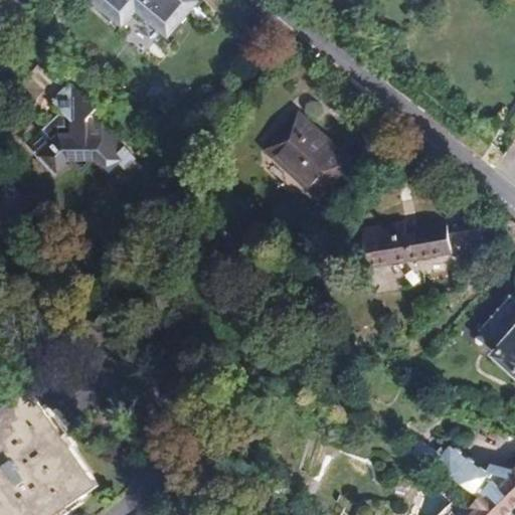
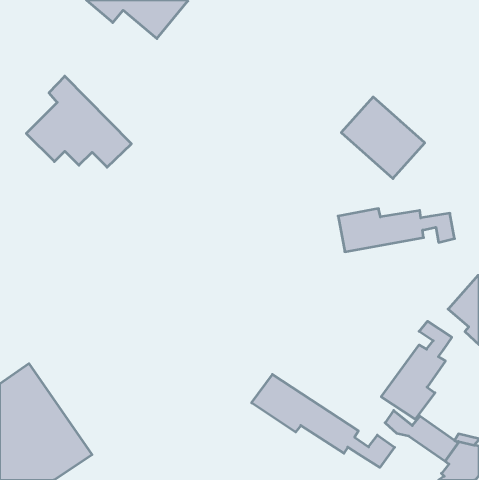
building: [265,112,354,199] -> [341,97,425,179]
building: none -> [381,321,452,419]
building: none -> [252,374,395,467]

